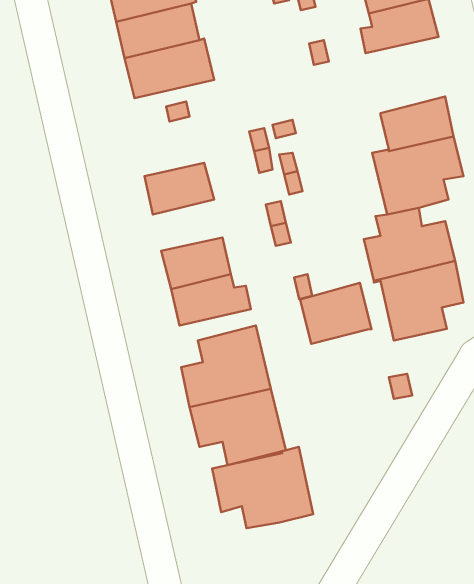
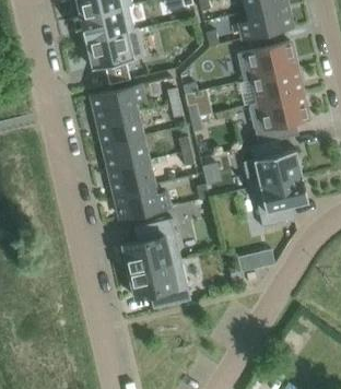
building: none -> [237,42,296,81]
building: none -> [92,84,143,119]
building: none -> [104,134,150,168]
building: [300,283,372,344] -> none
building: [212,447,313,528] -> none

